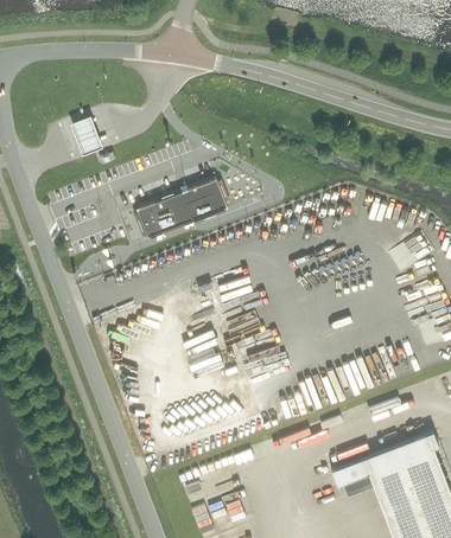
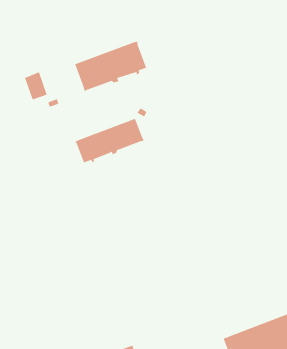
building: none -> [74,41,147,92]

